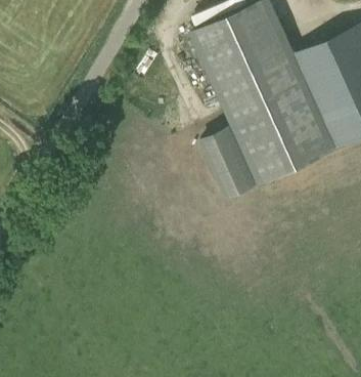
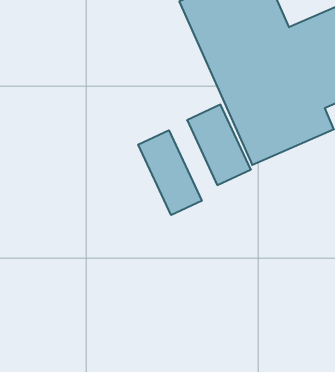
building: none -> [138,130,202,215]

